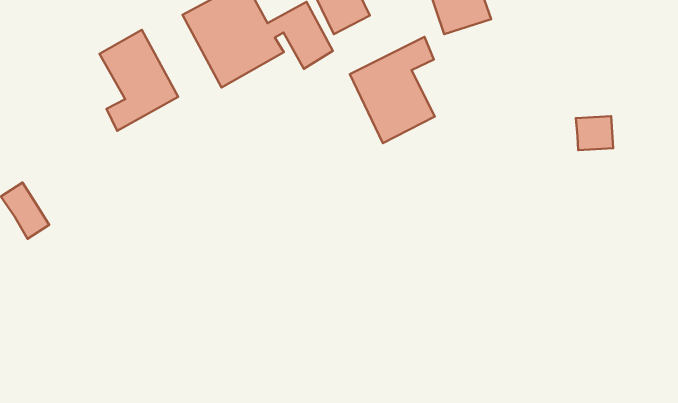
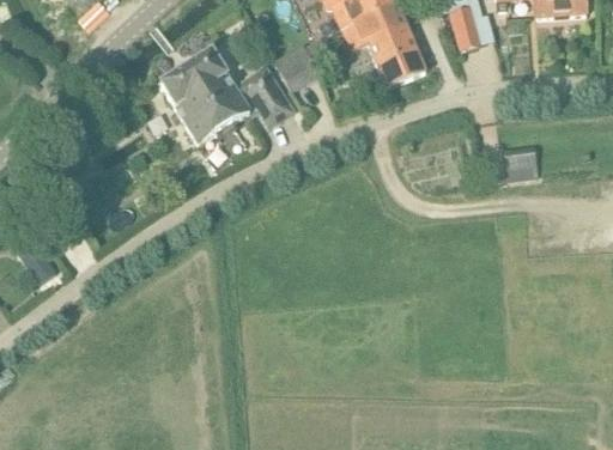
building: [100,30,178,131] -> none
building: [350,37,435,143] -> none

